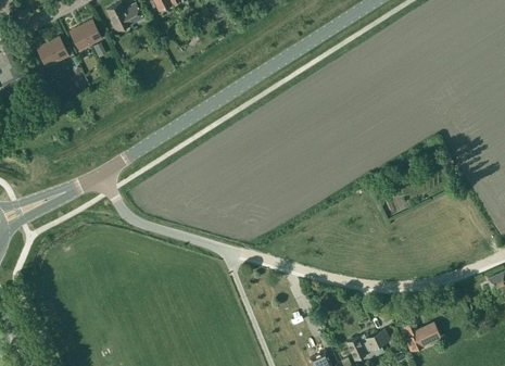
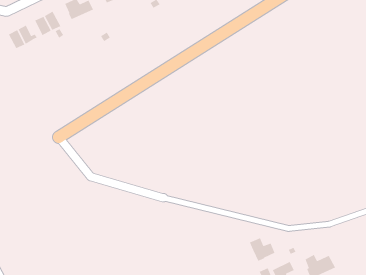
building: none -> [249,237,275,262]

